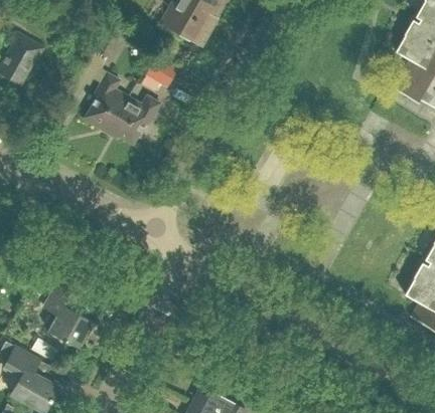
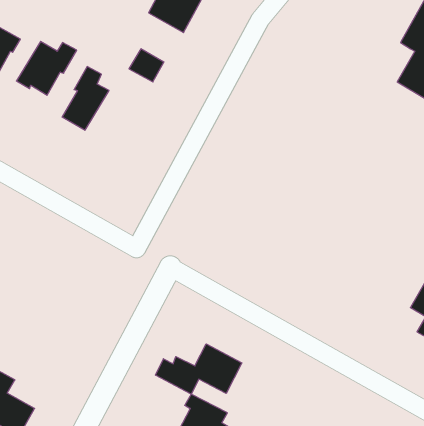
building: [105,95,160,145] -> [16,41,77,95]
building: [44,283,94,349] -> none
building: none -> [156,344,242,394]

